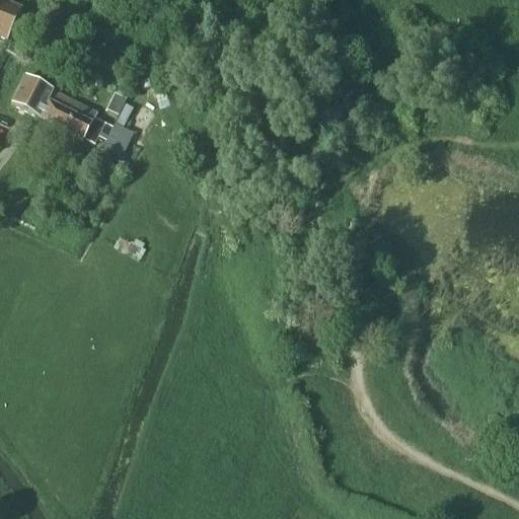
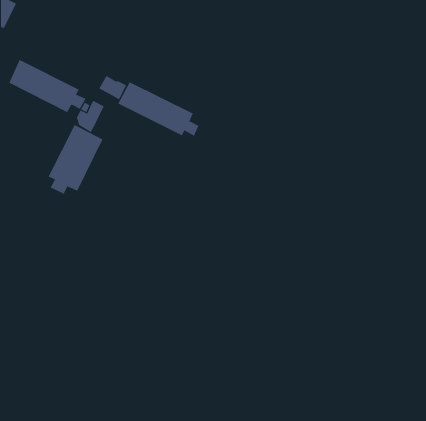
building: none -> [117,82,199,136]
building: none -> [48,124,103,194]

